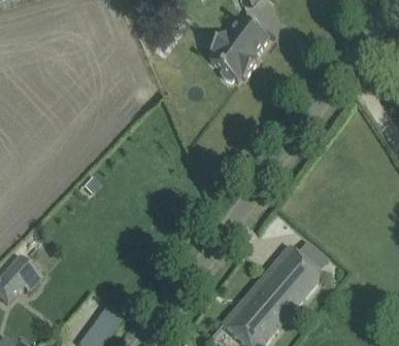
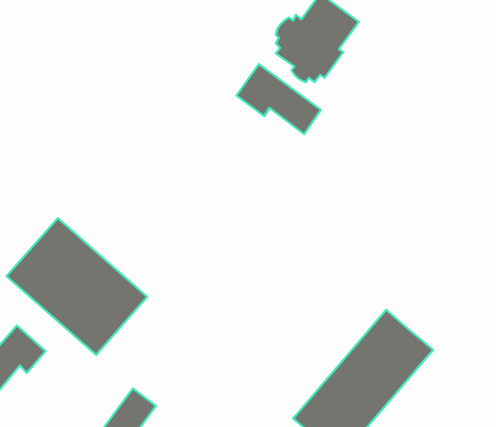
building: none -> [237,64,321,134]
building: none -> [7,218,147,355]

